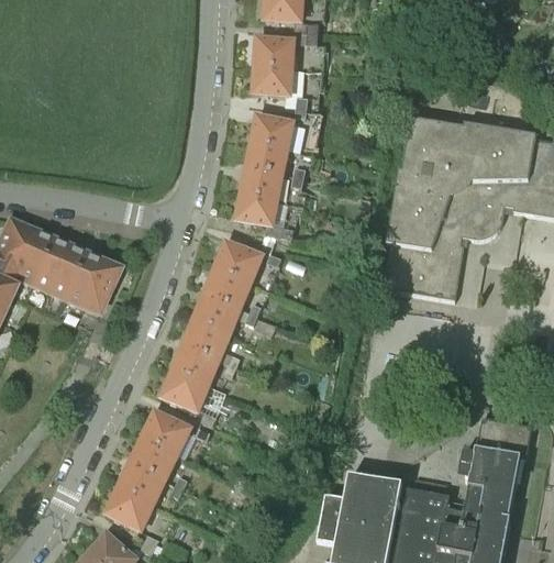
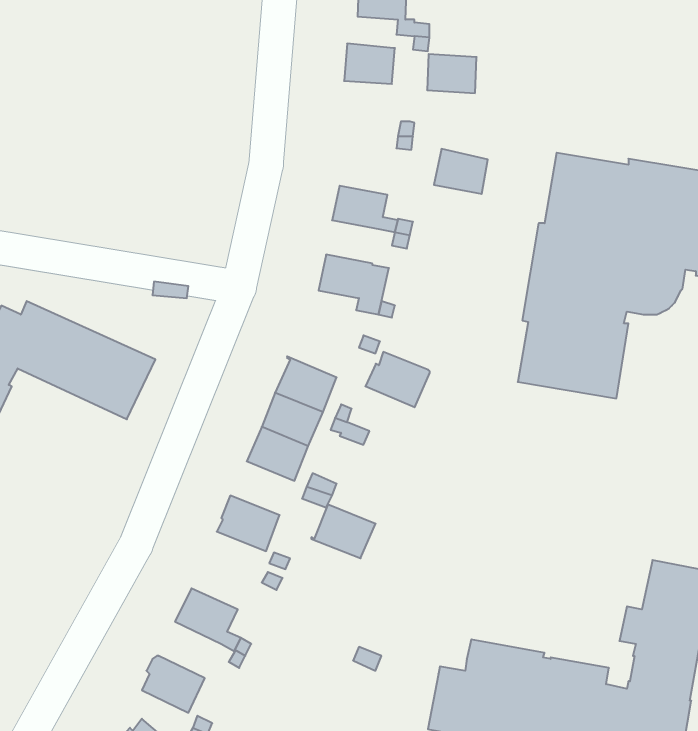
building: [254,65,290,93] -> [427,54,477,93]
building: [252,115,291,148] -> [434,149,488,194]
building: [242,167,281,199] -> none
building: [213,242,261,283] -> [365,352,430,407]
building: [171,344,219,384] -> [311,504,376,558]
building: [143,411,189,453] -> none
building: [119,462,165,504] -> none

